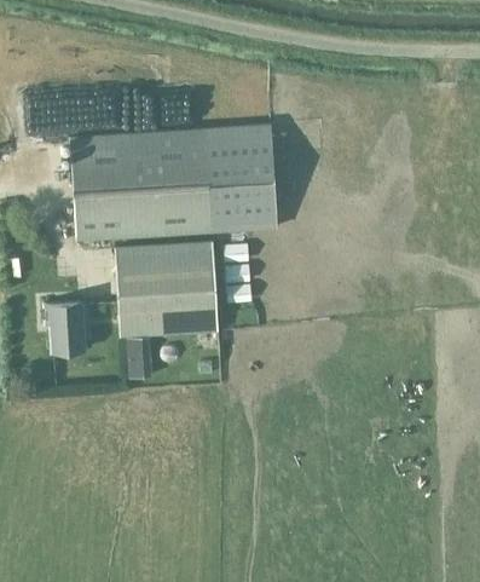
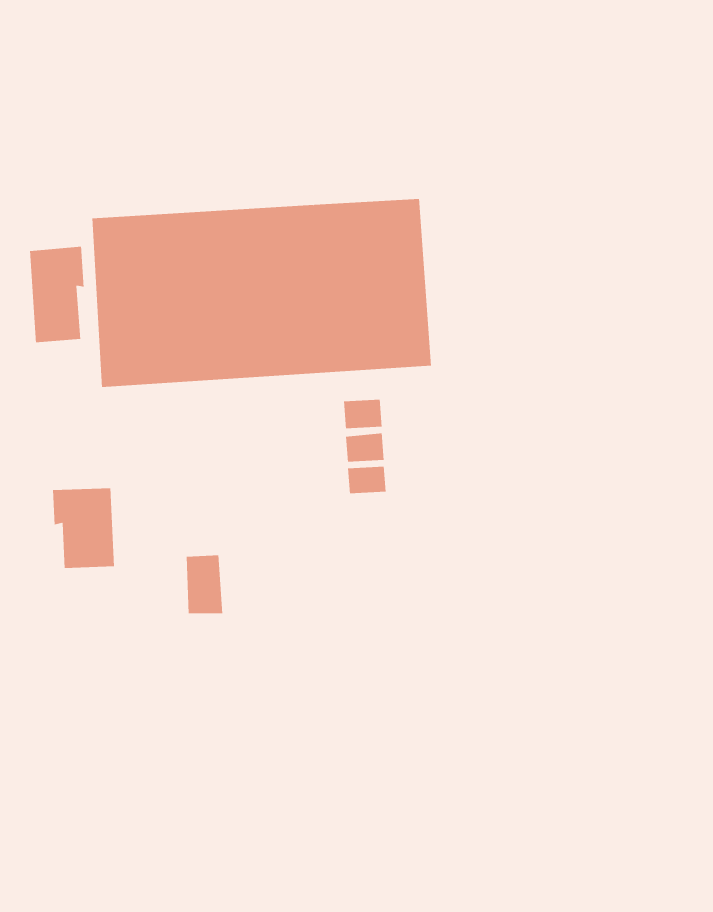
building: none -> [30,246,84,343]
building: [115,242,219,336] -> none

